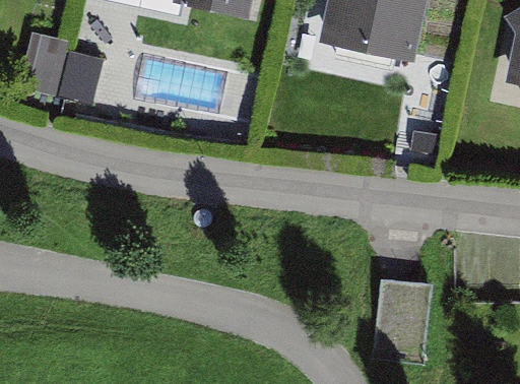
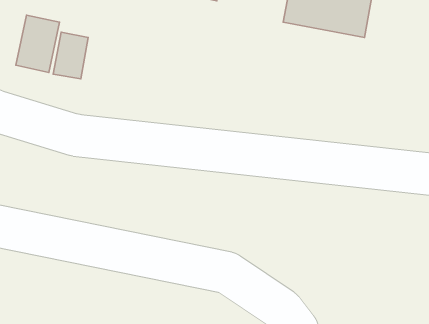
building: [377,281,425,359] -> none

